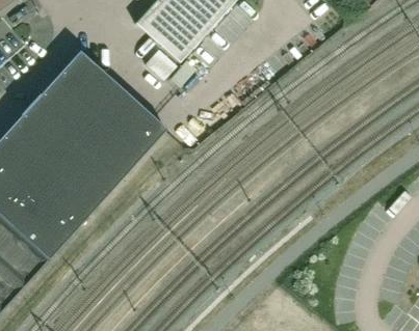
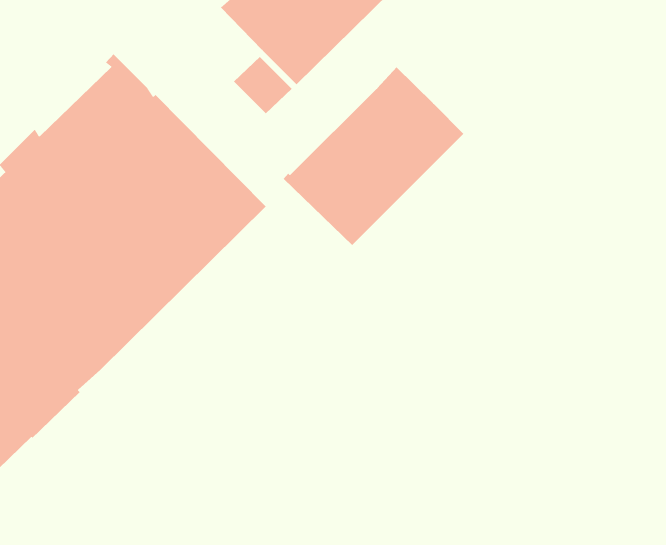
building: none -> [283,66,464,246]

